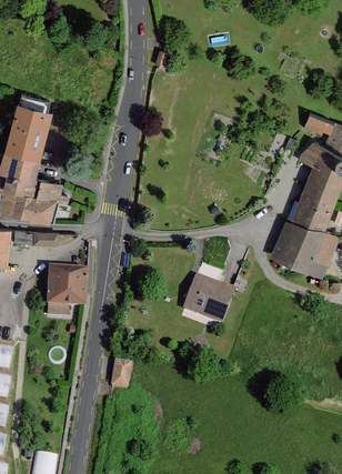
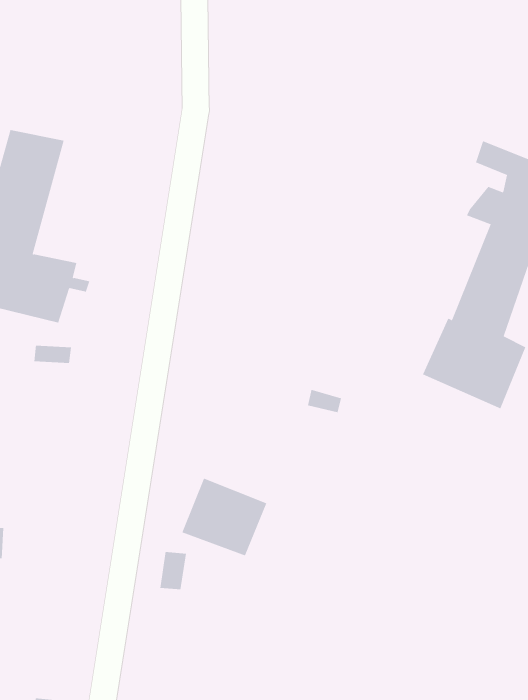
building: [48,271,87,316] -> none
building: [179,278,231,325] -> [181,478,267,556]

